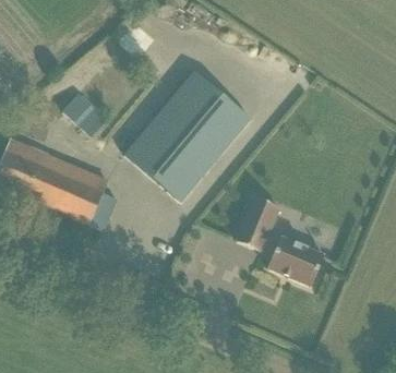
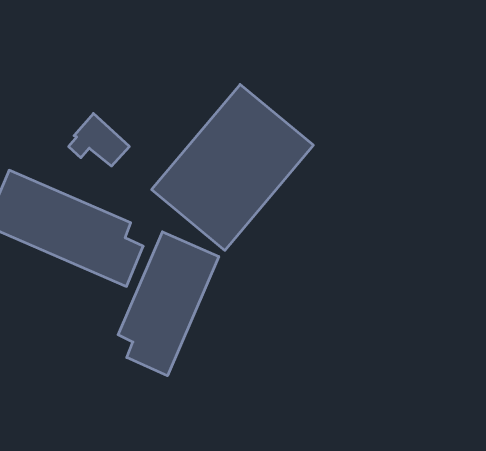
building: none -> [118,232,219,376]
building: [236,196,324,285] -> none

